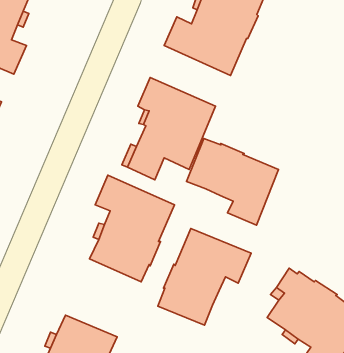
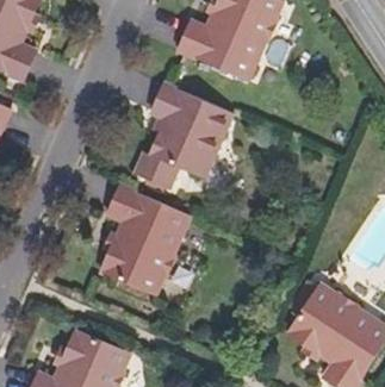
building: [187,138,279,225] -> none
building: [158,229,251,325] -> none

